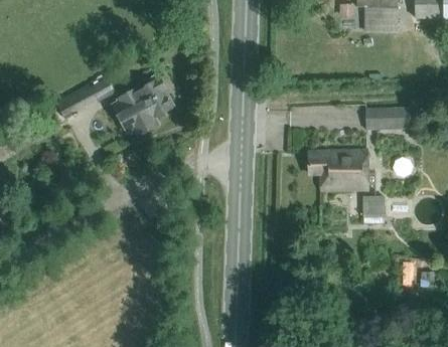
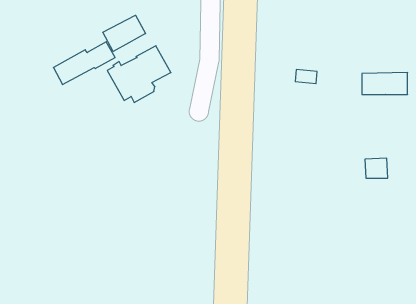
building: none -> [103,15,146,51]
building: [310,150,368,190] -> none

